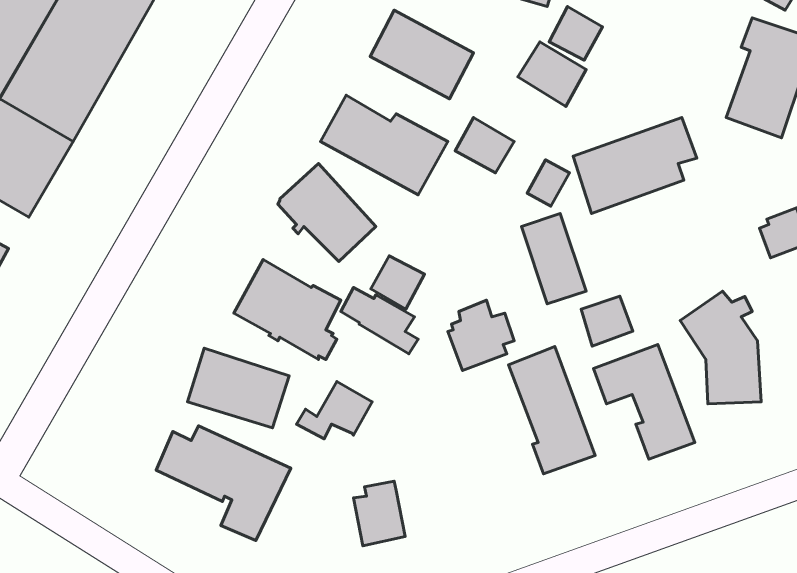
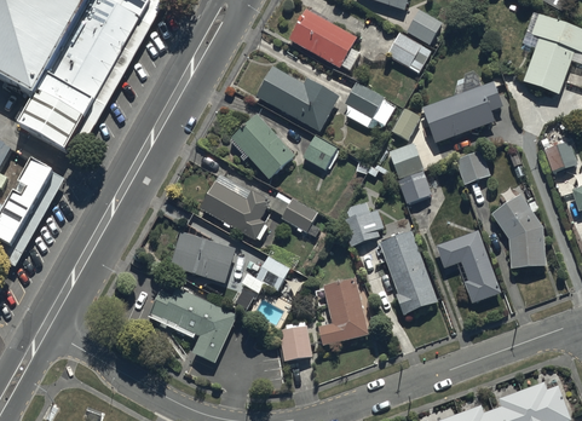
building: [371,256,424,309] -> [302,134,338,169]
building: [581,296,633,346] -> [456,151,490,184]
building: none -> [317,278,369,347]

